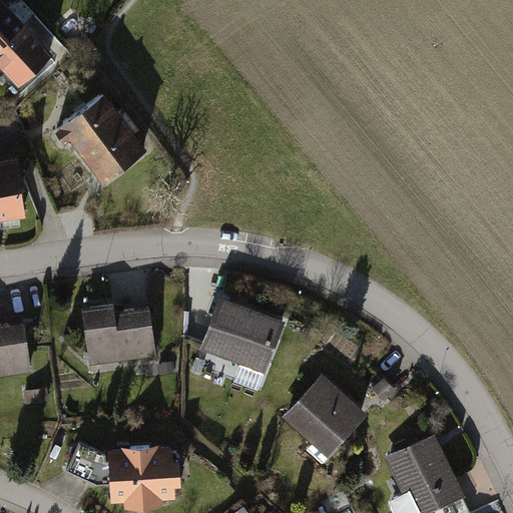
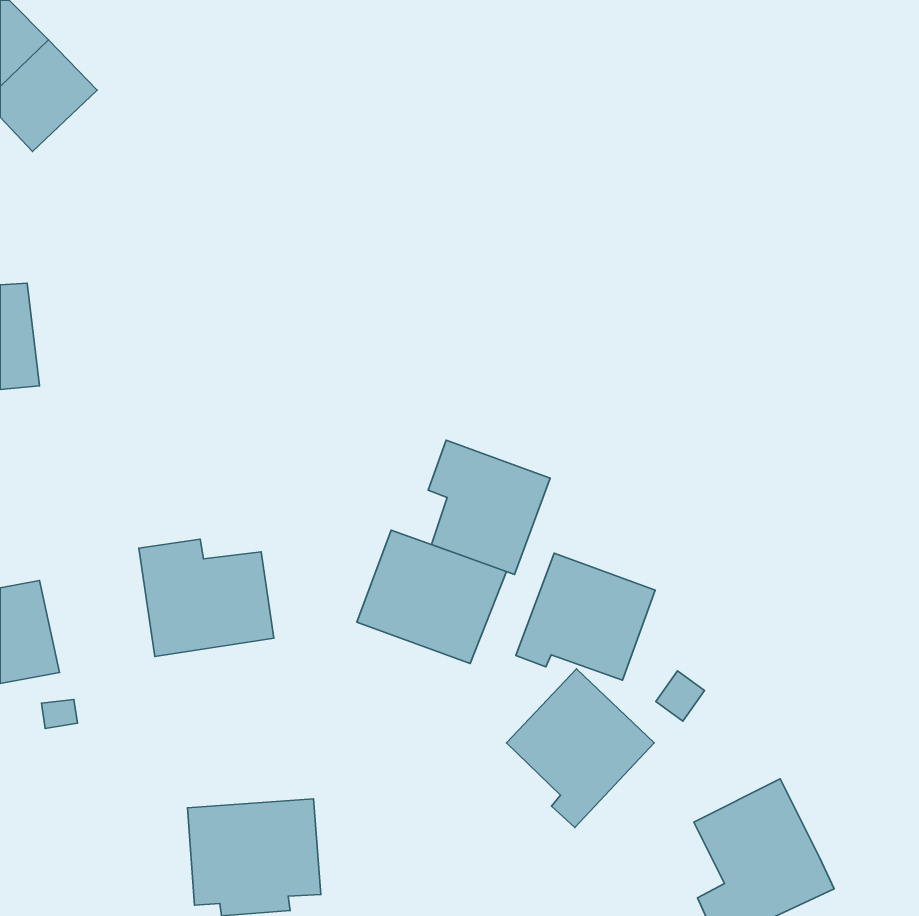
building: [59,89,145,180] -> none
building: none -> [428,440,550,575]
building: none -> [516,553,655,680]

